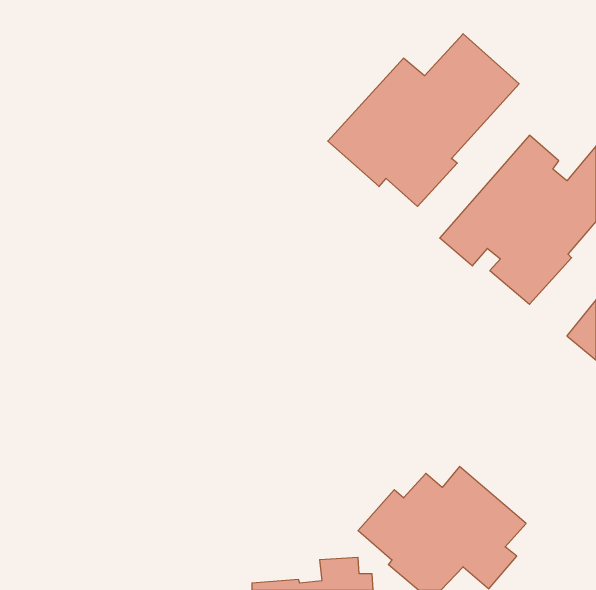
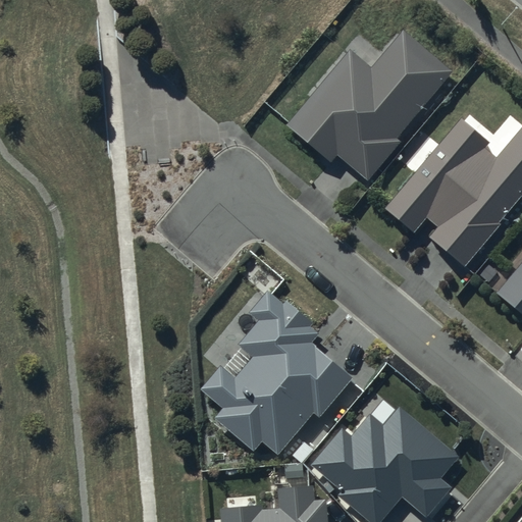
building: none -> [202,292,353,455]

